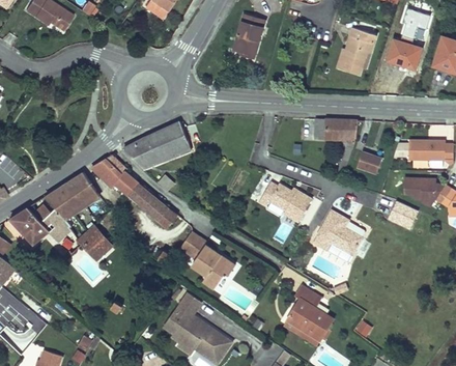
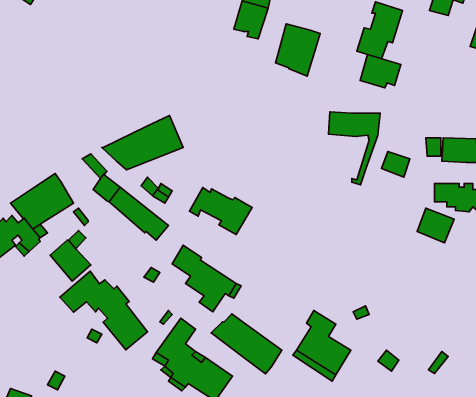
building: [387,38,421,66] -> [360,55,401,88]
building: none -> [275,24,320,76]
building: [92,159,121,188] -> none
building: [259,184,312,223] -> [189,188,252,235]
building: [313,212,366,256] -> none
building: none -> [60,271,148,350]
building: none -> [211,314,282,374]

